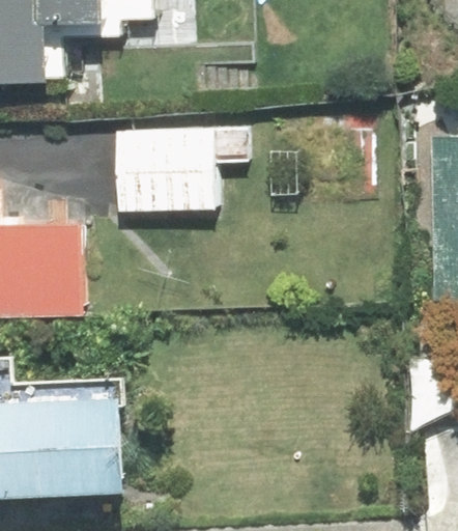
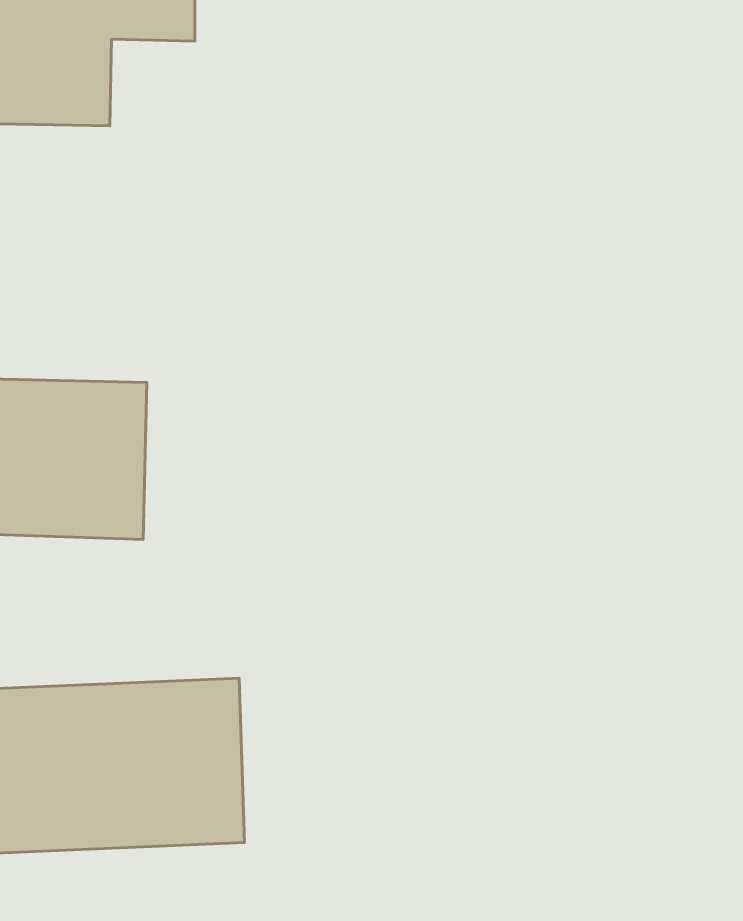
building: [114,128,251,213] -> none

